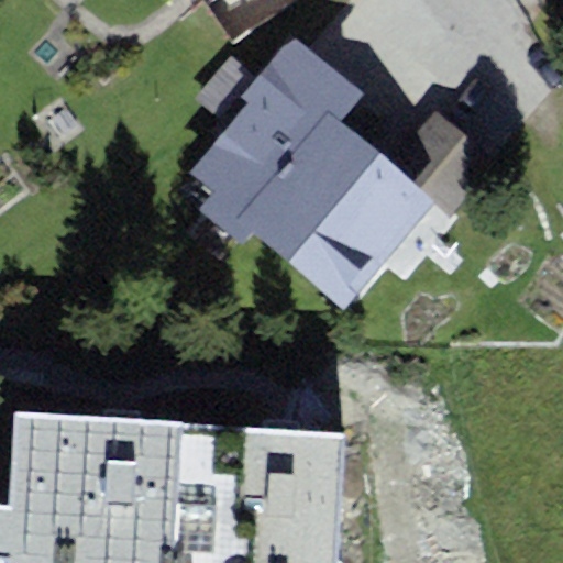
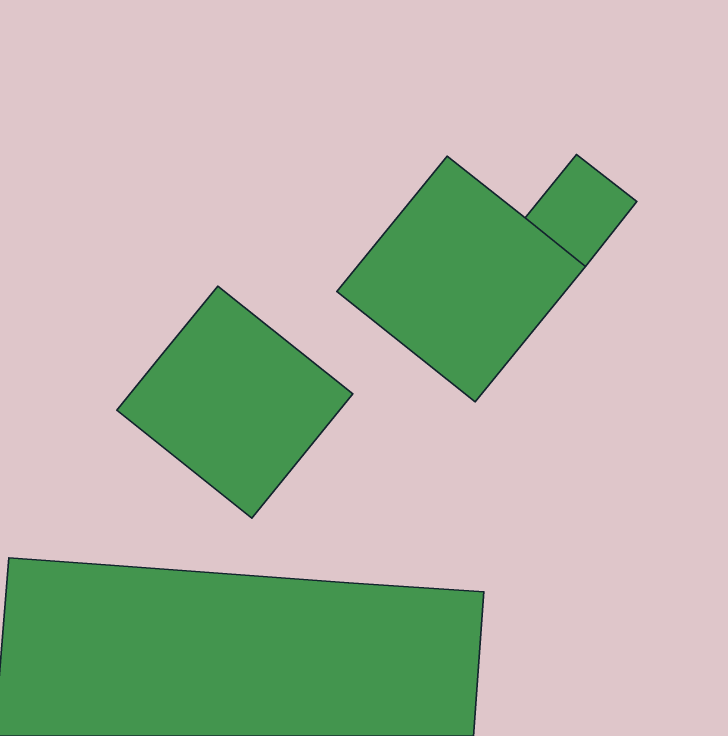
building: [197,71,334,218] -> none
building: none -> [117,286,353,518]

